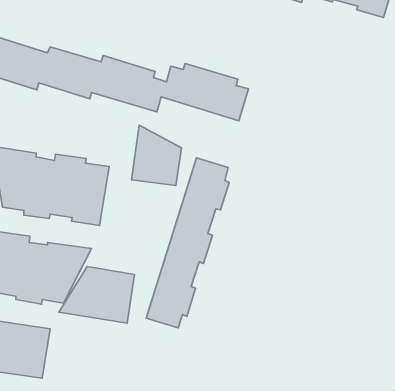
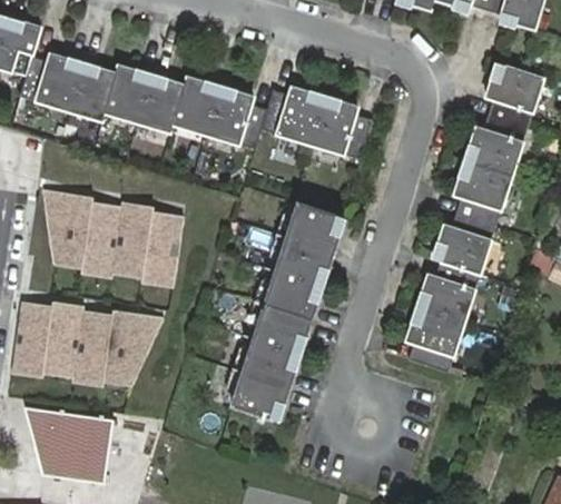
building: none -> [407,61,542,370]
building: [132,125,181,186] -> none
building: [59,266,134,323] -> none

